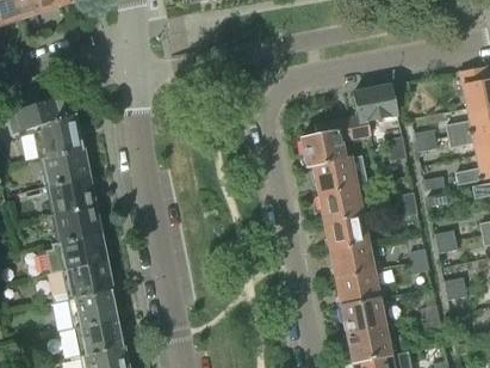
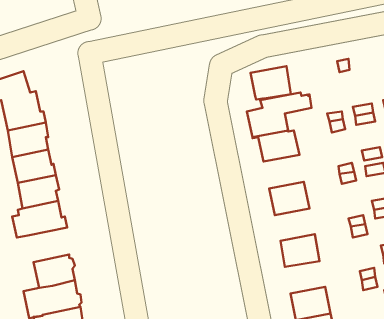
building: [353,85,396,121] -> [251,66,291,100]
building: [318,184,361,220] -> none
building: [330,241,373,276] -> none
building: [67,262,112,299] -> none
building: [341,298,384,332] -> none

